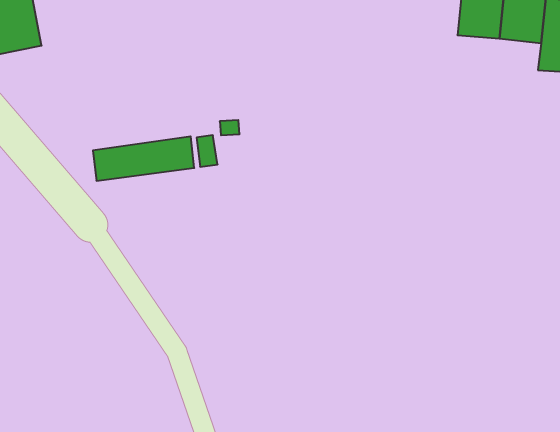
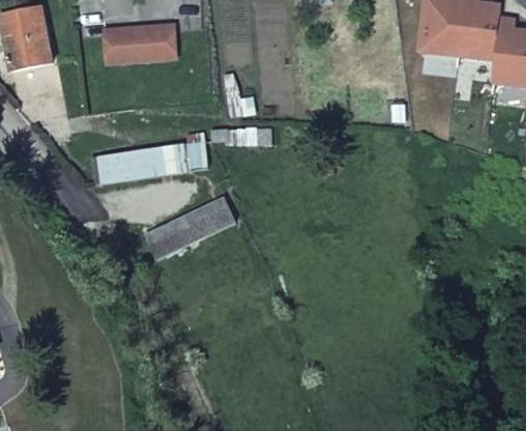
building: none -> [106,30,179,63]
building: none -> [143,195,235,257]

